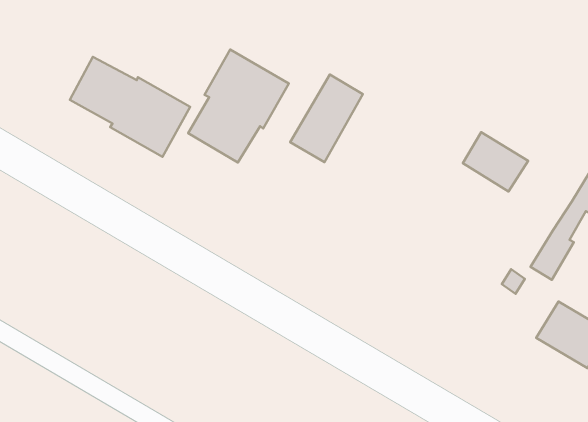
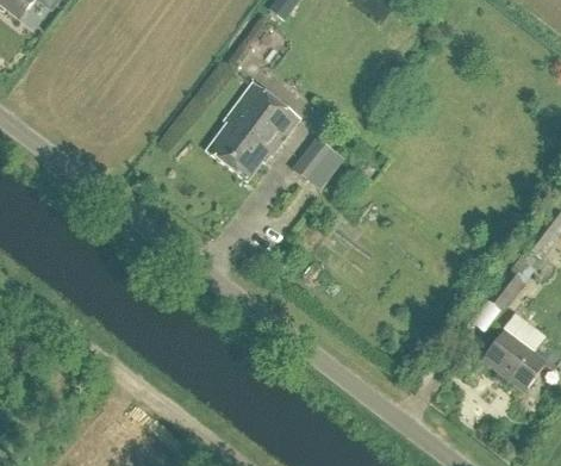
building: [70,57,190,157] -> none
building: [463,132,528,191] -> none

